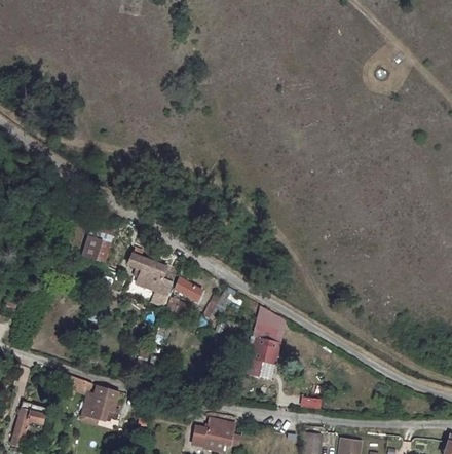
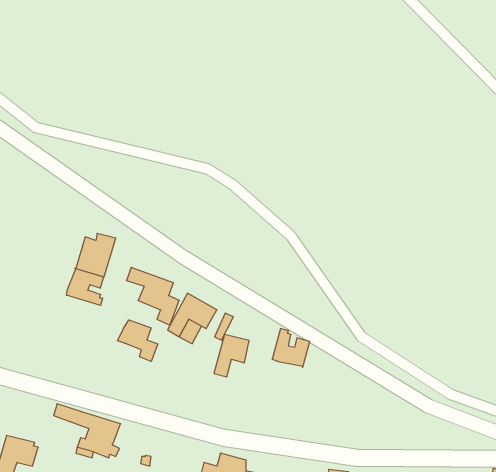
building: none -> [67,268,103,305]
building: none -> [118,320,158,361]
building: [250,337,280,374] -> [214,335,249,377]

